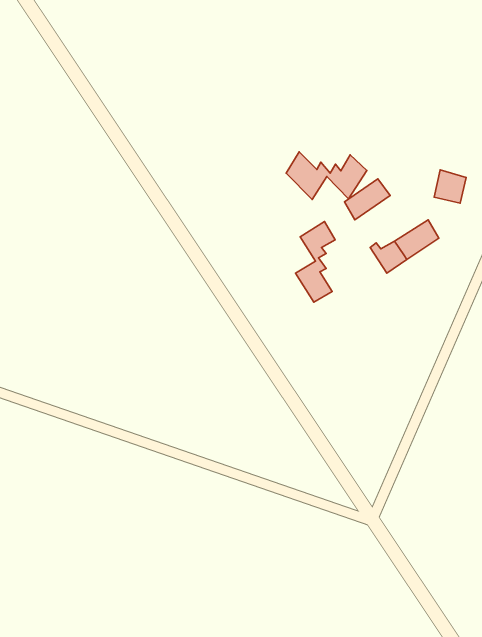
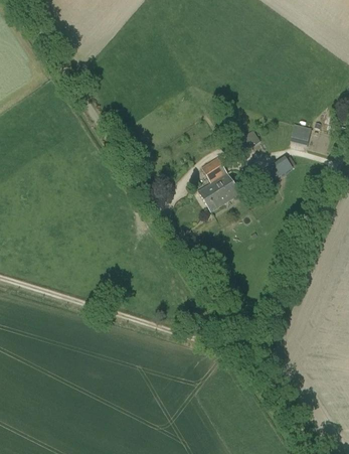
building: [286,152,367,200] -> none
building: none -> [213,169,238,203]

